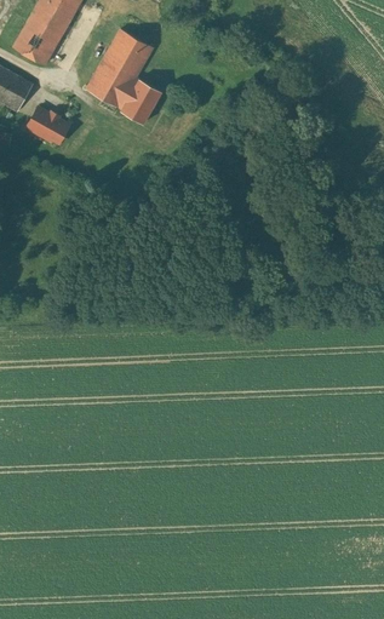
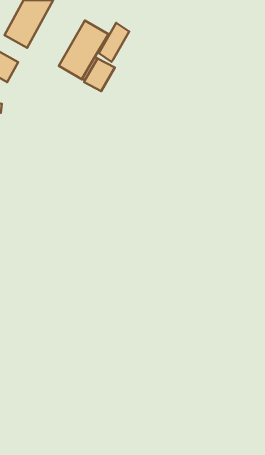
building: none -> [99,23,129,62]
building: [22,105,69,148] -> none

